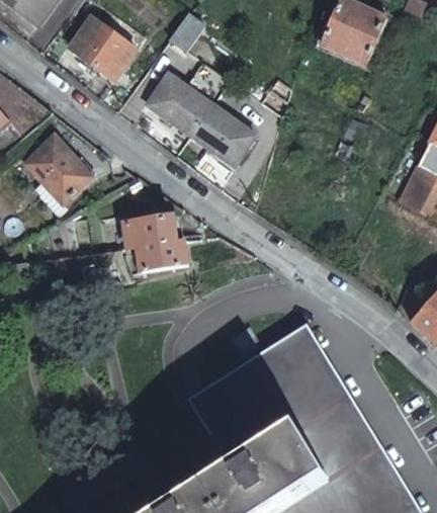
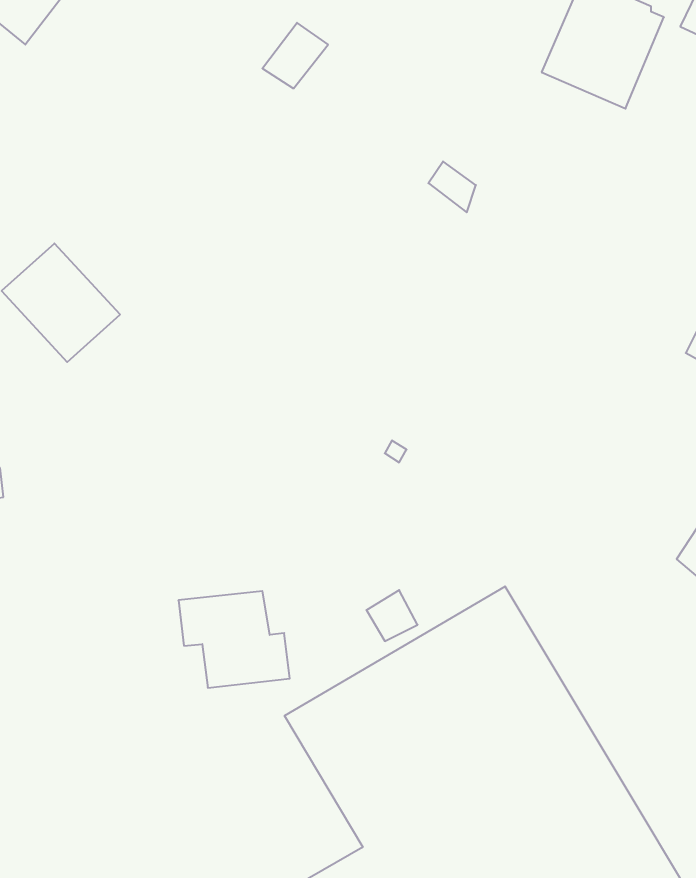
building: [73,16,137,79] -> none
building: [148,73,256,165] -> none
building: [124,217,186,270] -> [178,591,290,688]

